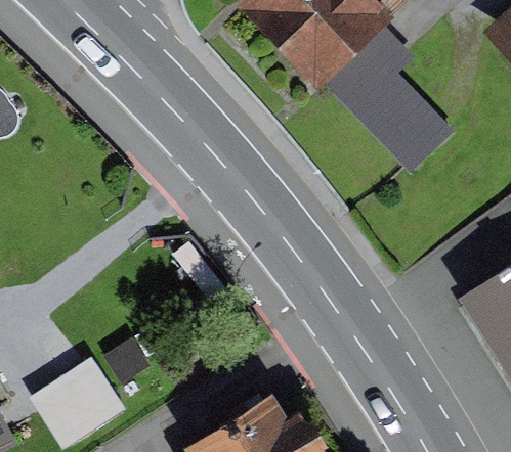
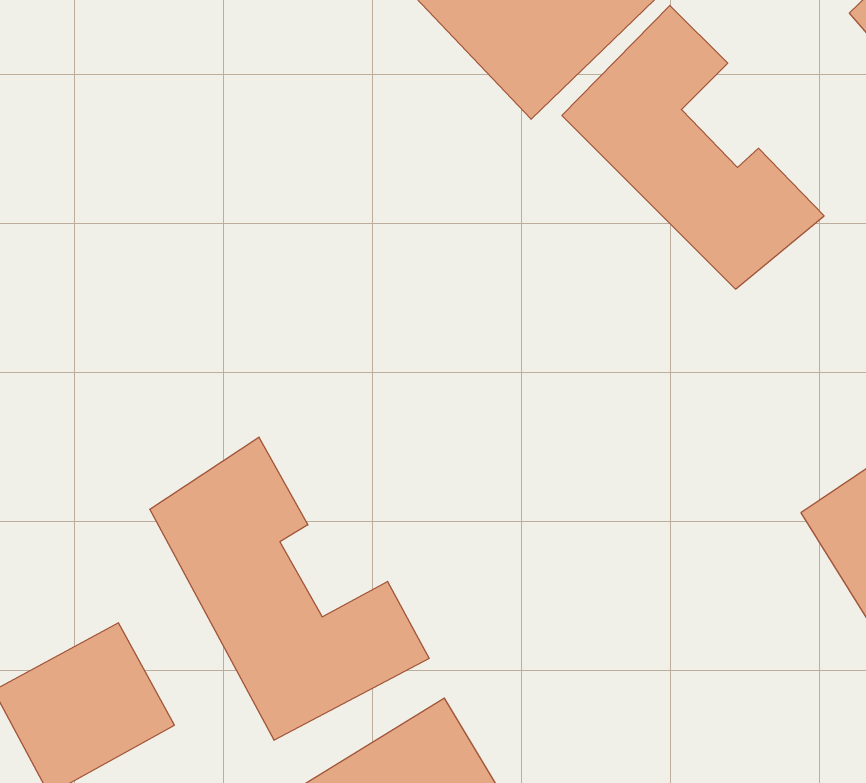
building: none -> [150,437,429,740]

